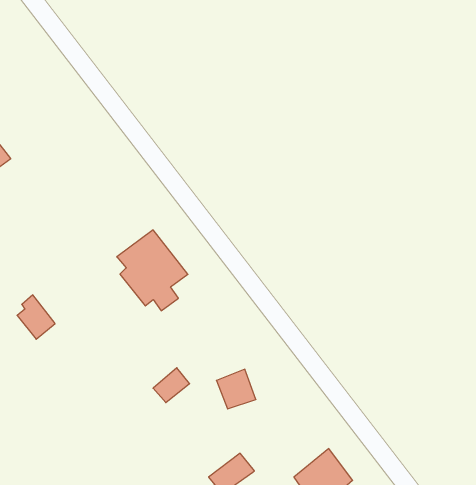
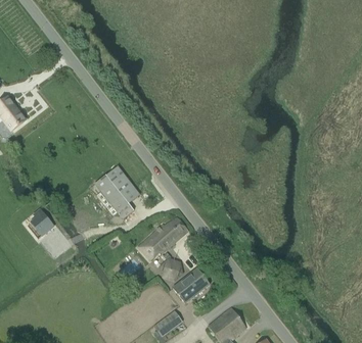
building: none -> [138,216,188,259]
building: none -> [172,267,210,303]

